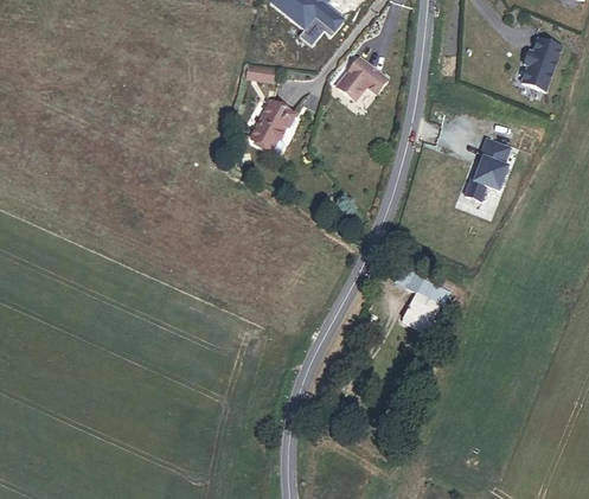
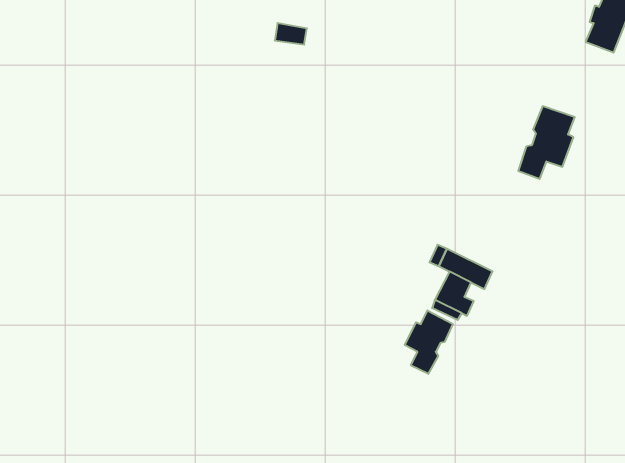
building: [338,57,390,101] -> none
building: [250,102,292,149] -> none
building: none -> [405,310,453,374]

